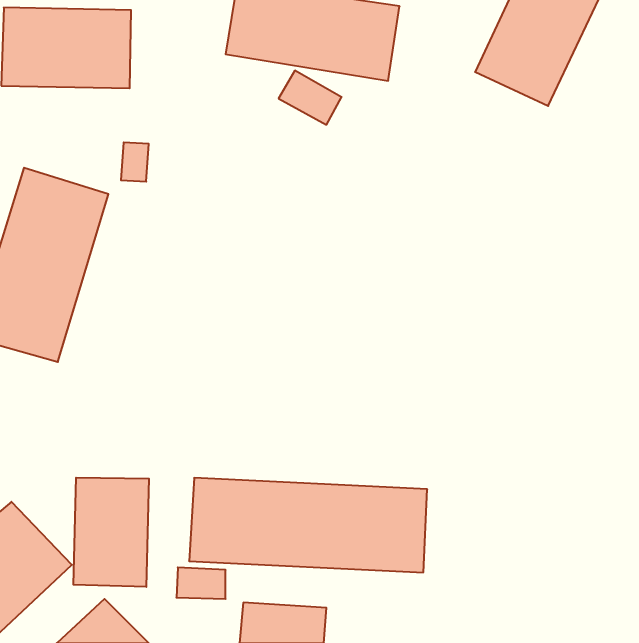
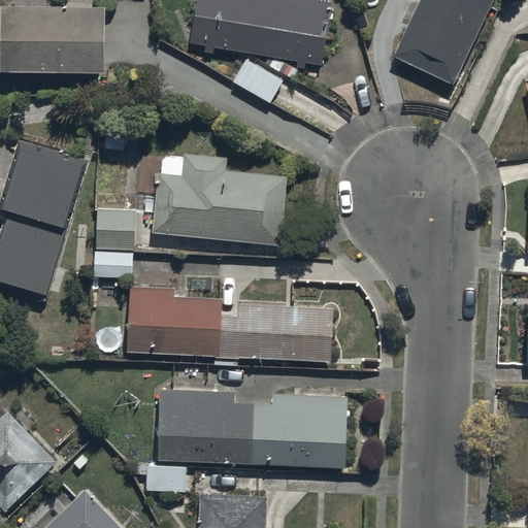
building: none -> [148,153,286,244]
building: none -> [94,207,134,279]
building: none -> [127,286,334,361]
building: [73,478,149,587] -> none

